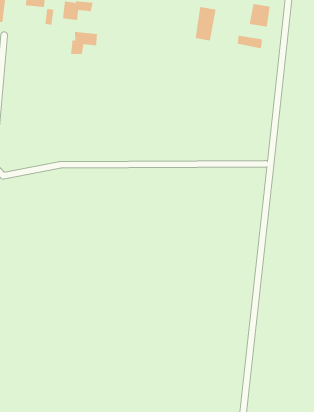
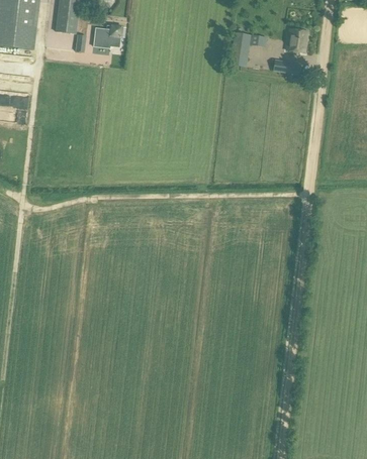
building: [71,31,97,55] -> none

